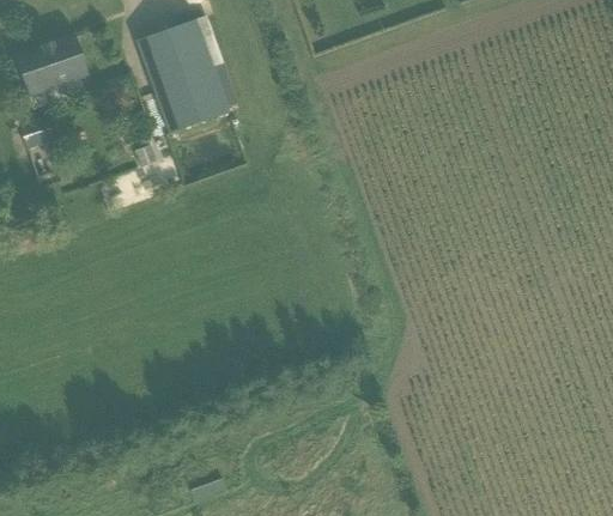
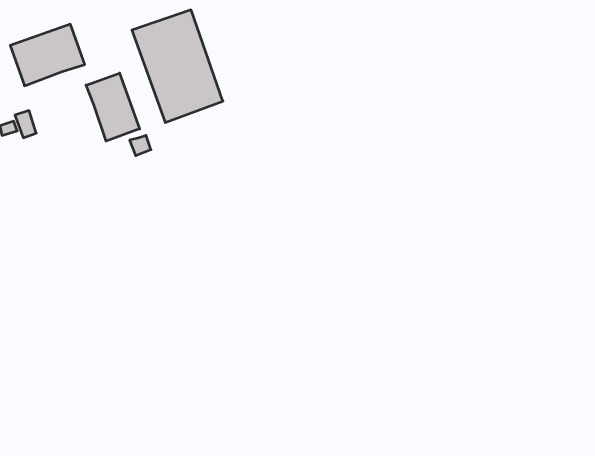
building: none -> [86,73,140,141]

